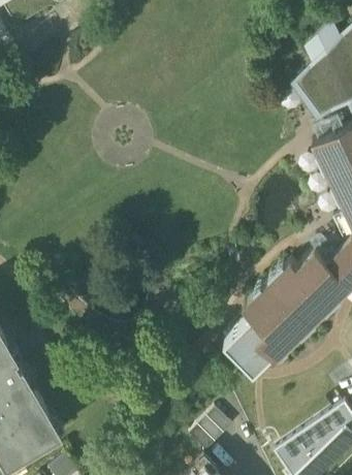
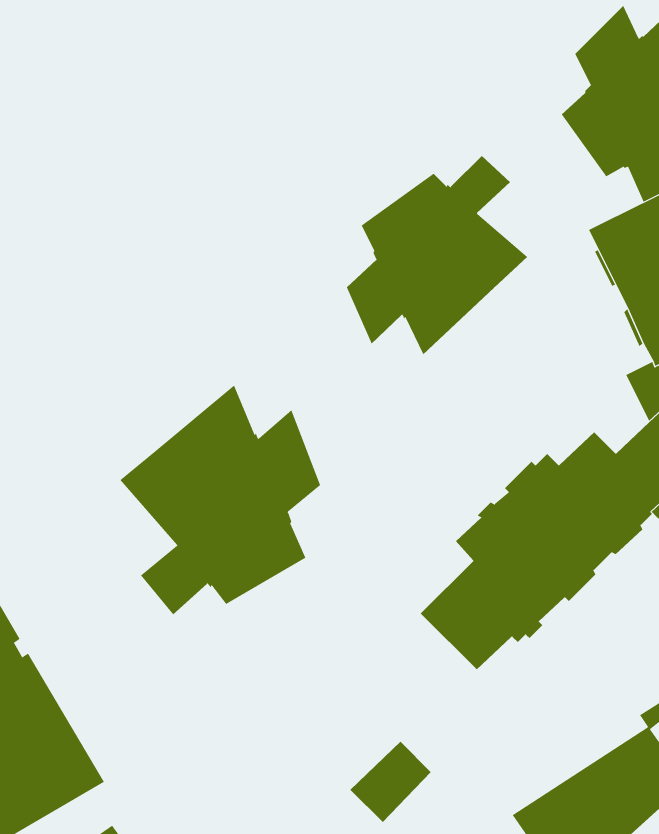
building: none -> [346,155,528,355]
building: none -> [119,384,321,615]

